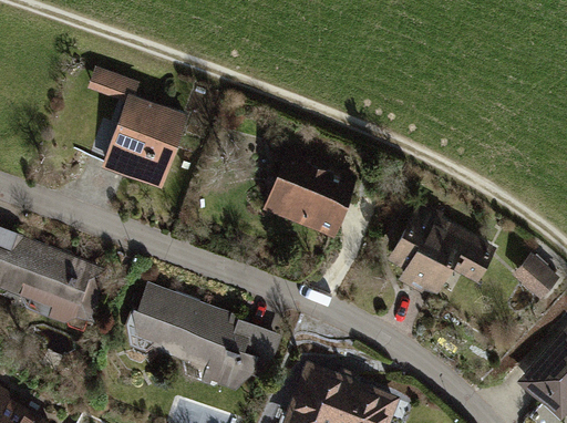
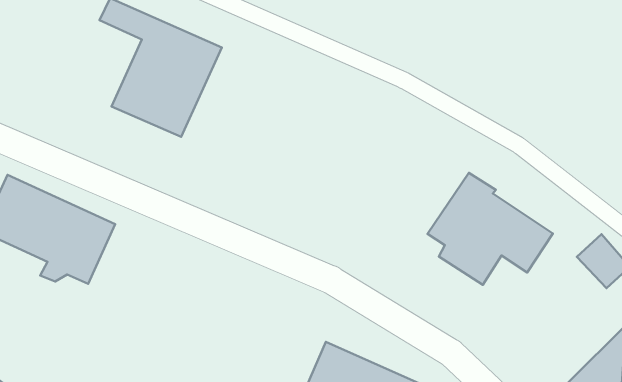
building: [265,148,361,238] -> none
building: [128,285,284,391] -> none

